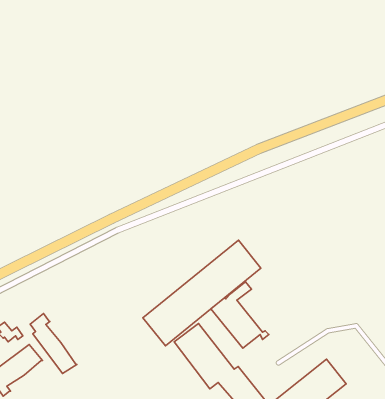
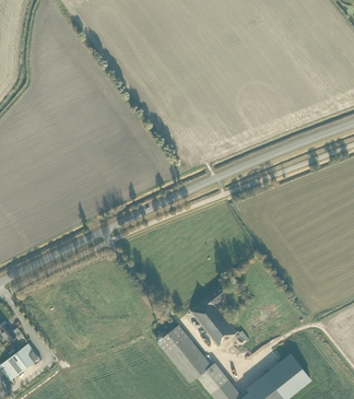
building: [143,240,261,346] -> none
building: [30,314,77,373] -> none

